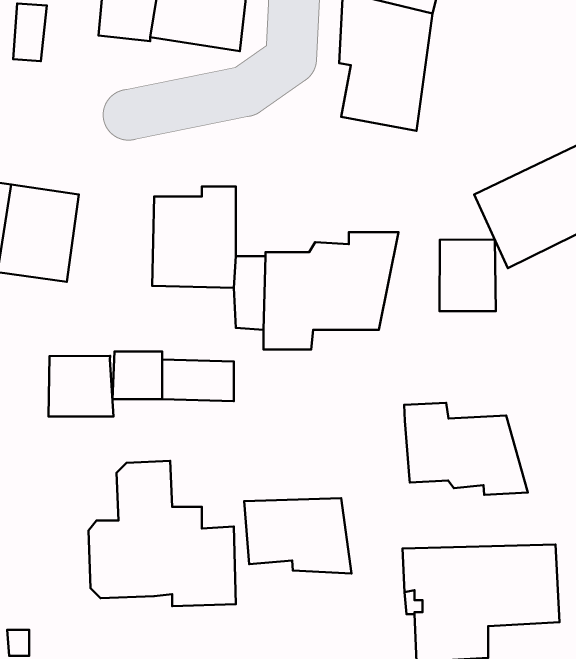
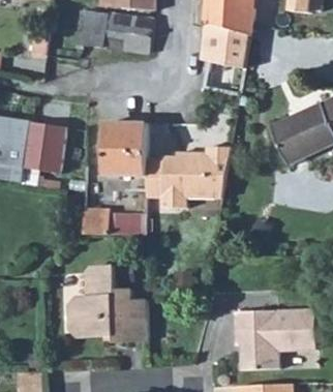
building: [439,240,496,311] -> none
building: [48,356,114,416] -> none
building: [404,403,528,495] -> none
building: [244,498,352,573] -> none

